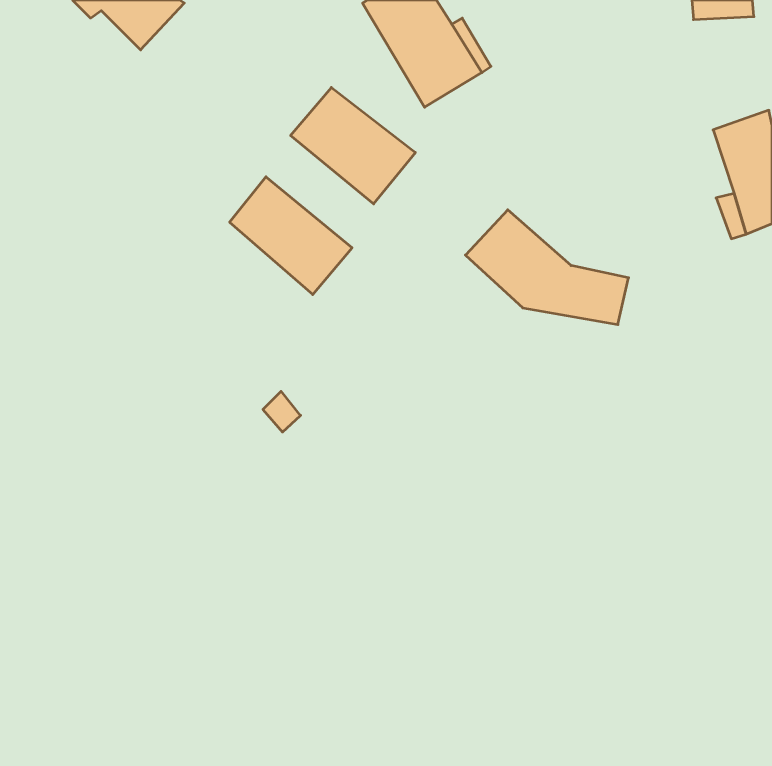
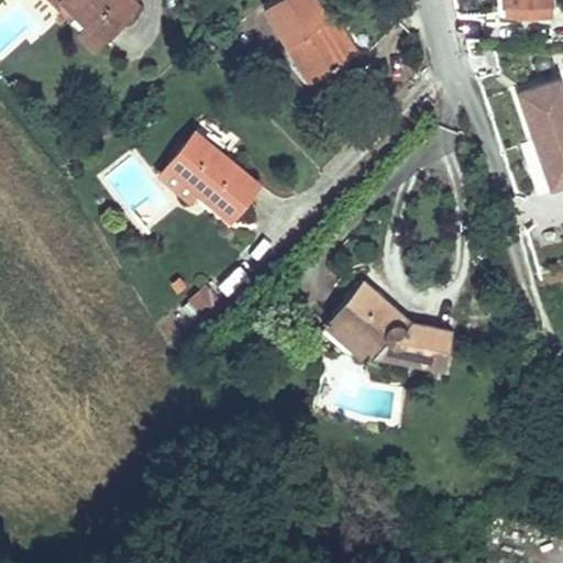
building: [291,87,415,204] -> none
building: [465,210,629,325] -> [334,284,453,367]

